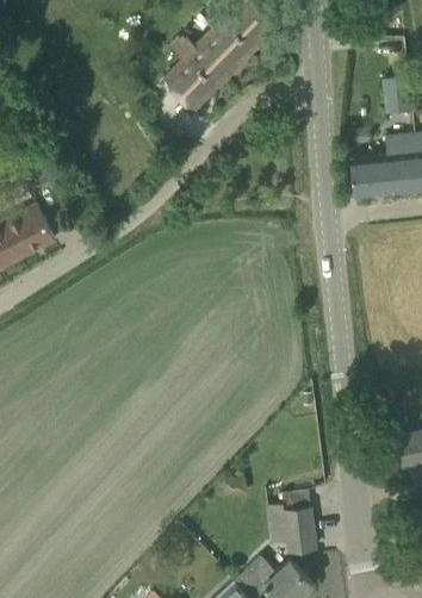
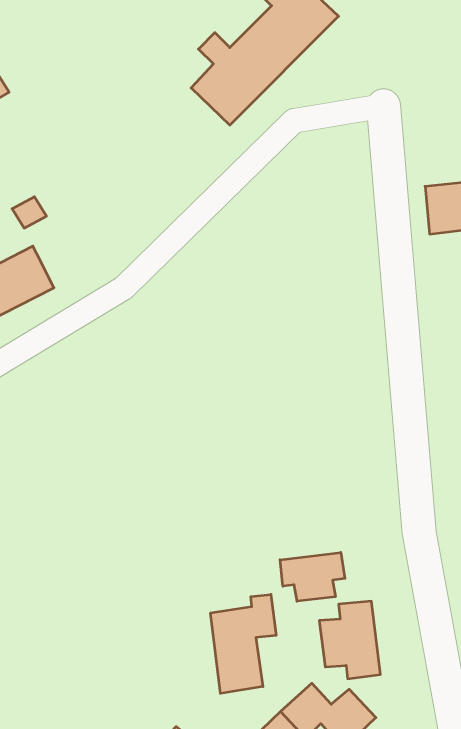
building: none -> [280,552,345,601]
building: none -> [211,594,276,693]

